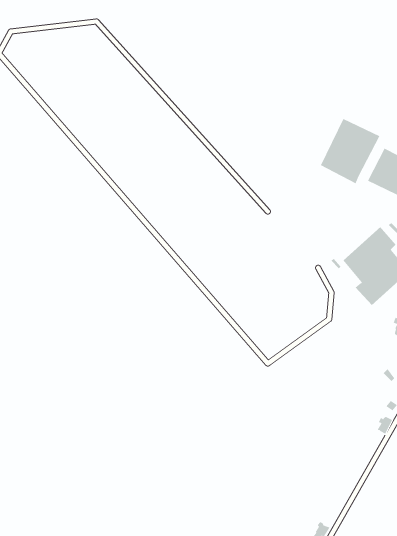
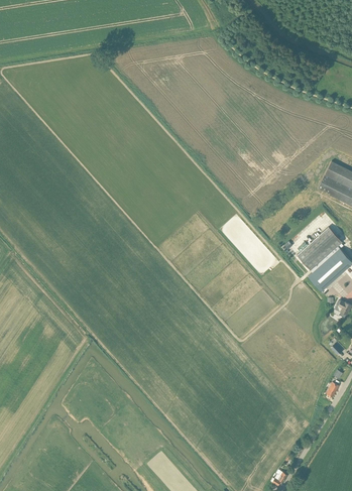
building: [320,118,380,184] -> none

